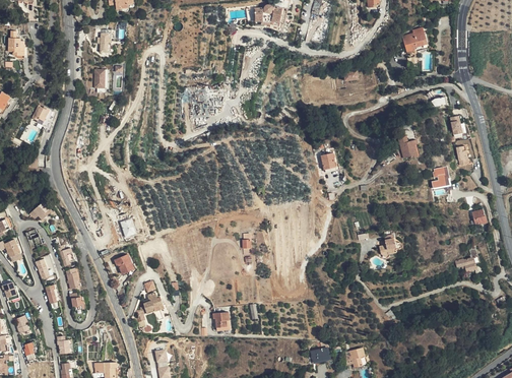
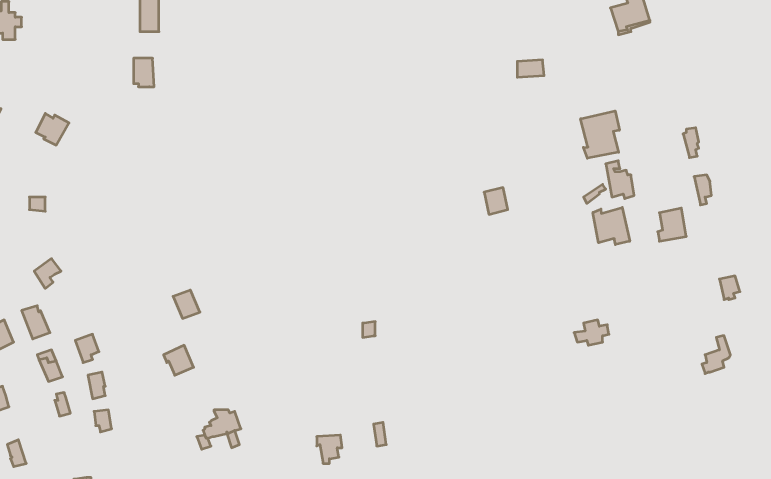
building: none -> [581,111,619,158]
building: none -> [593,207,630,245]

